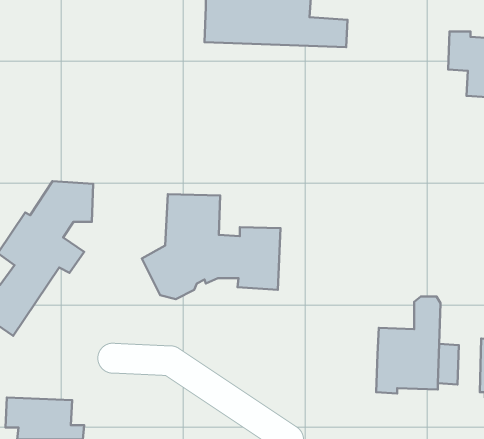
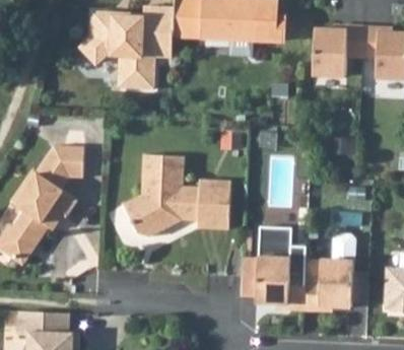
building: none -> [80,8,173,91]
building: none -> [312,27,361,77]
building: none -> [257,225,307,307]

